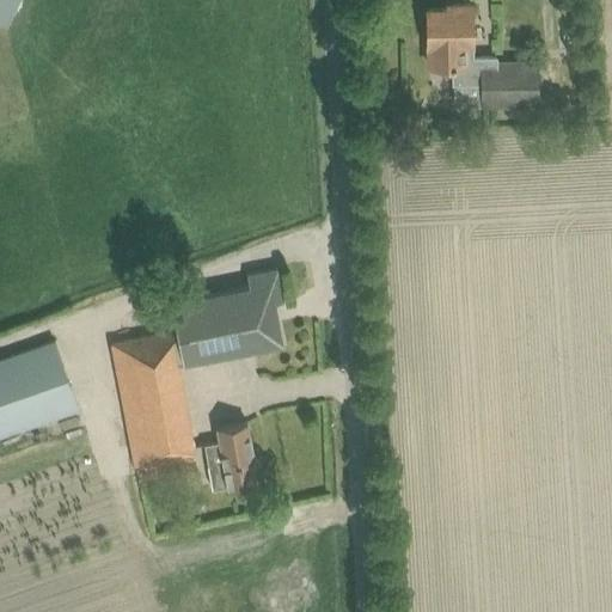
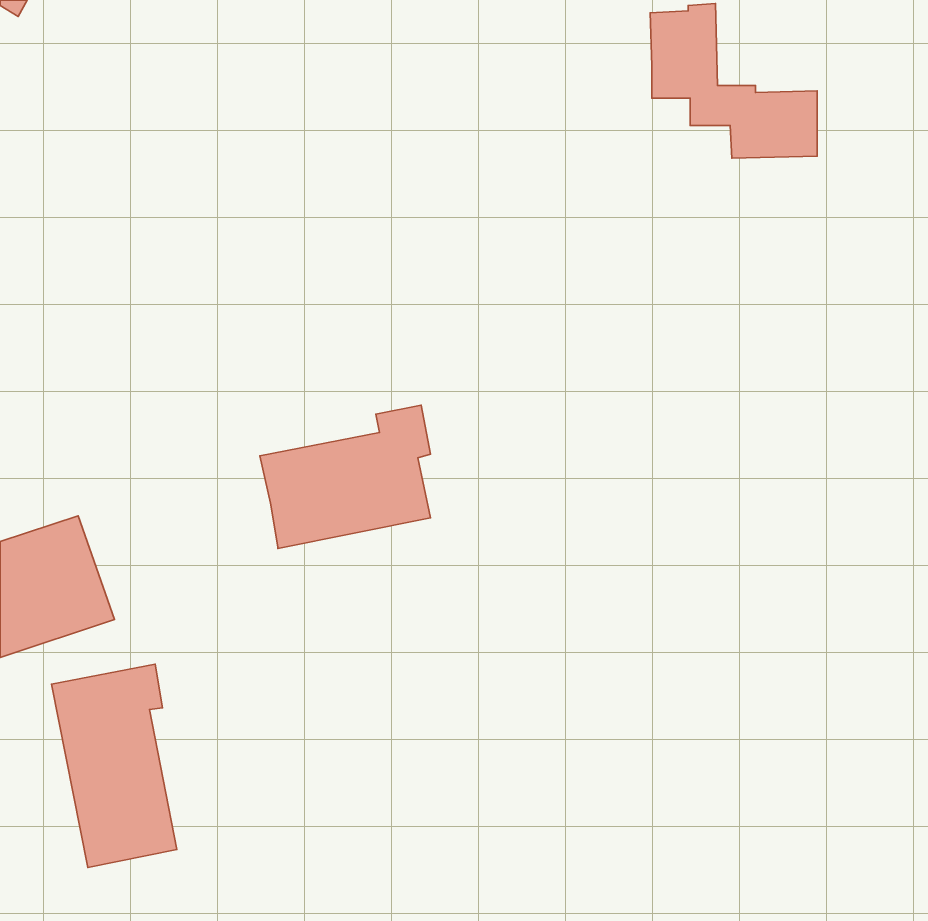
building: [110,336,192,470] -> [52,664,177,868]
building: [206,426,258,490] -> none

